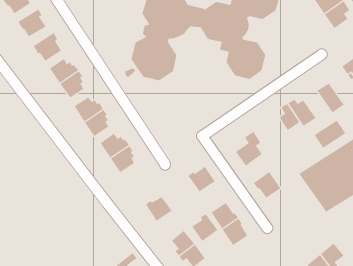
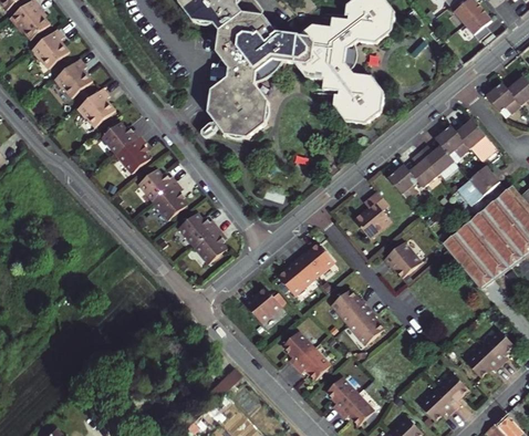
building: none -> [435,124,470,156]
building: none -> [388,165,418,201]
building: [192,214,218,242] -> [279,259,314,297]

